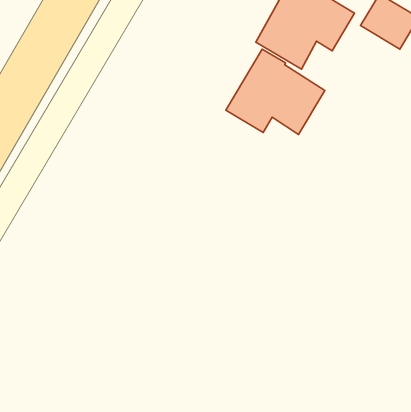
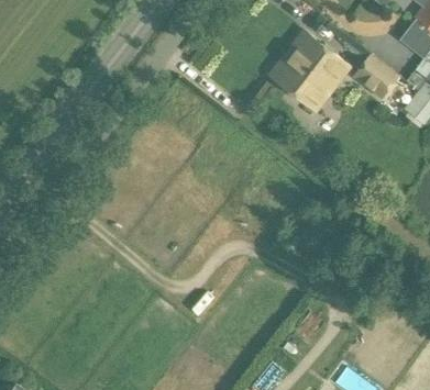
building: [226,49,325,135] -> none

